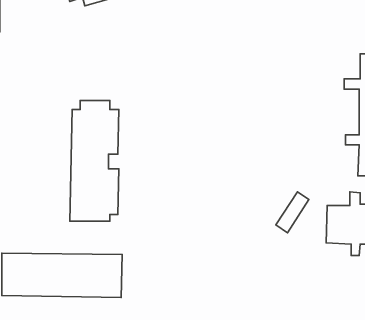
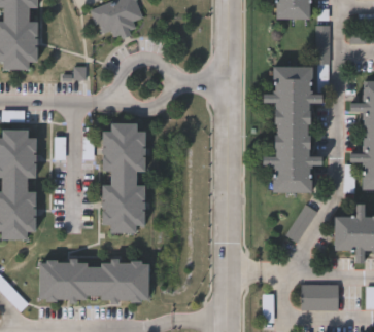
building: none -> [263,67,325,194]
building: none -> [302,285,339,310]

